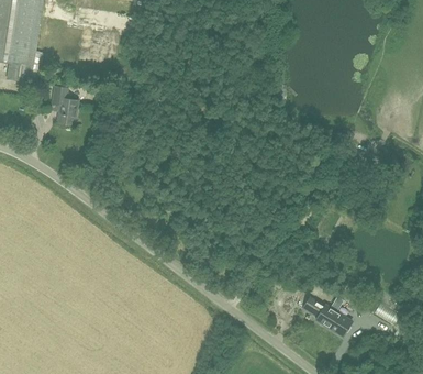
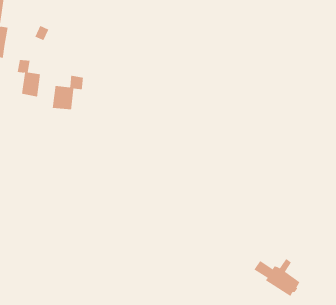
building: none -> [52,75,84,110]

